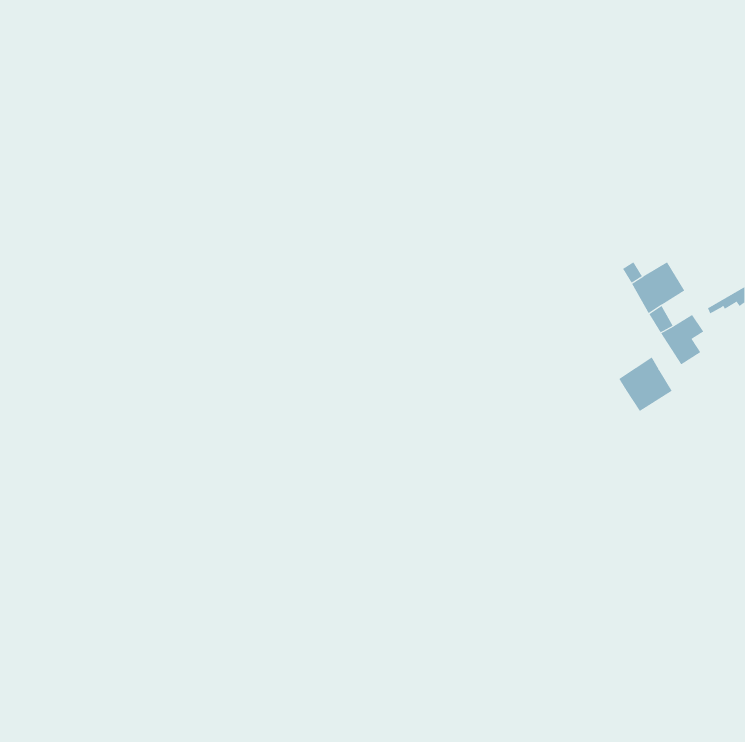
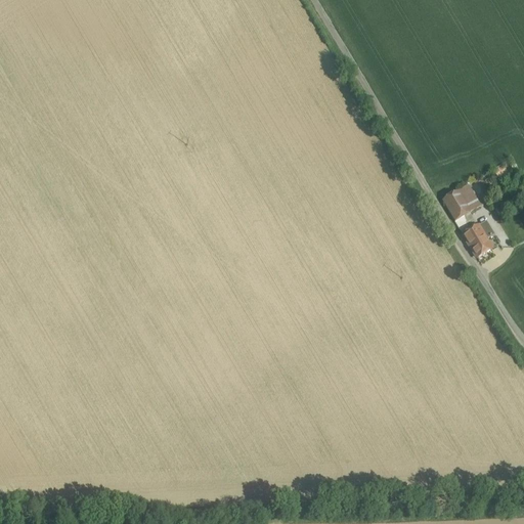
building: [619,356,672,412] -> none

